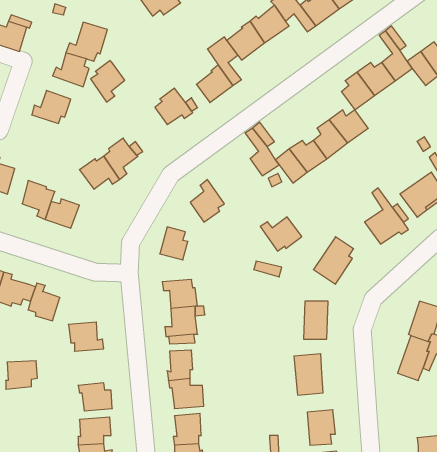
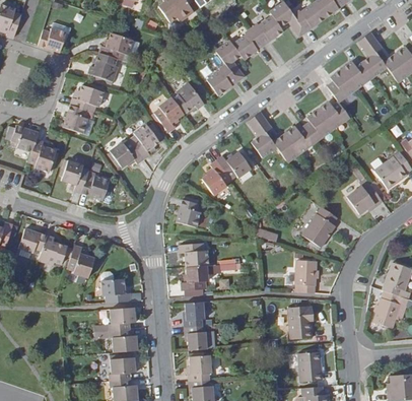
building: [91,61,125,102] -> [154,97,183,132]
building: none -> [63,106,87,134]
building: [260,217,302,251] -> [216,151,251,180]
building: [6,361,37,389] -> [109,308,135,331]

